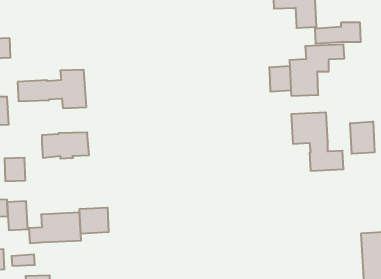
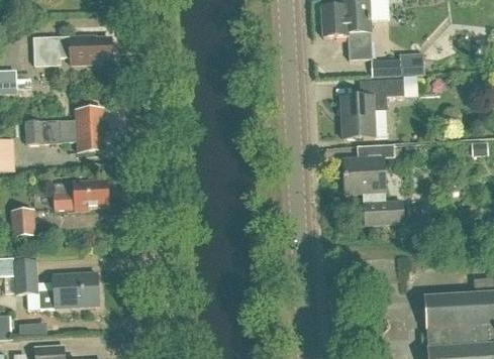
building: none -> [33,34,112,65]
building: [269,66,291,92] -> none
building: [350,121,375,154] -> none
building: [80,207,108,234] -> none

